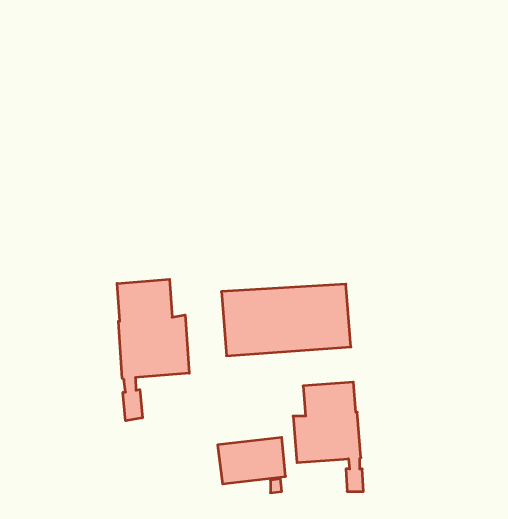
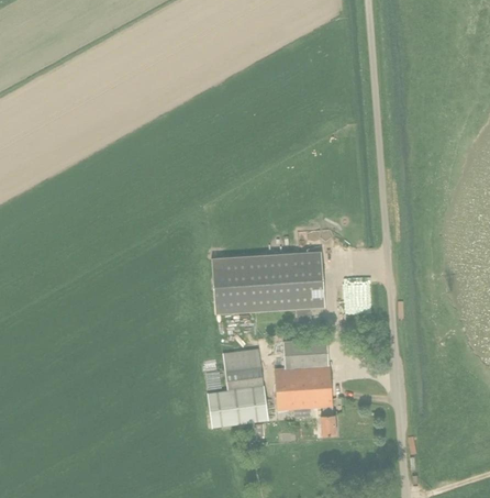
building: [117,279,189,421] -> none
building: none -> [223,347,263,388]

